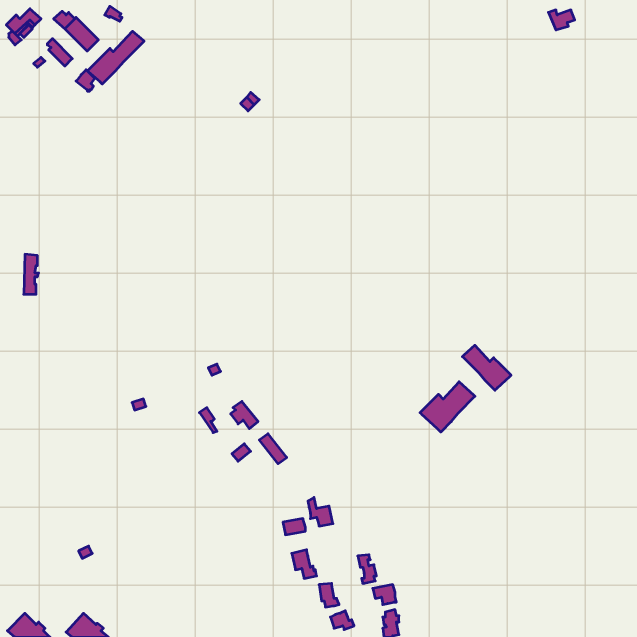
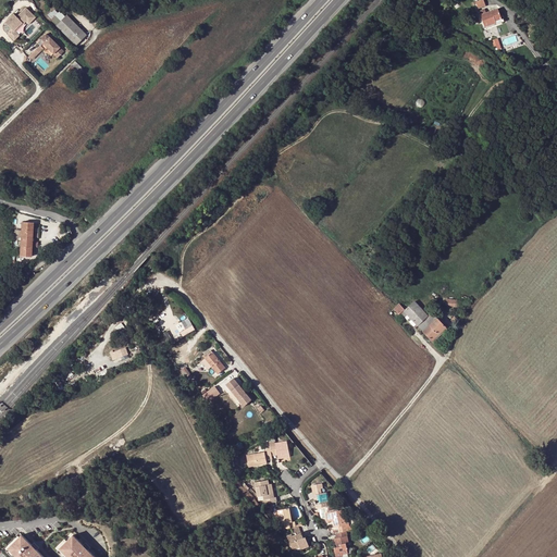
building: [87,31,144,84] -> none
building: [420,382,475,432] -> none

